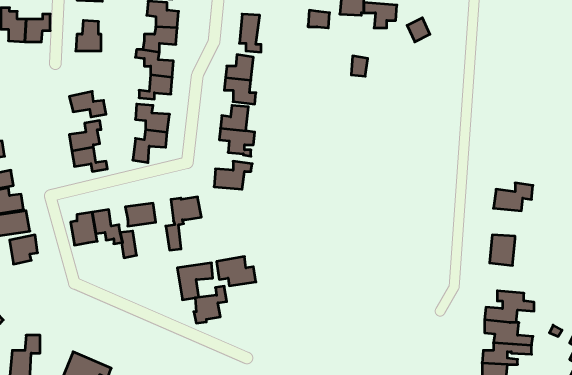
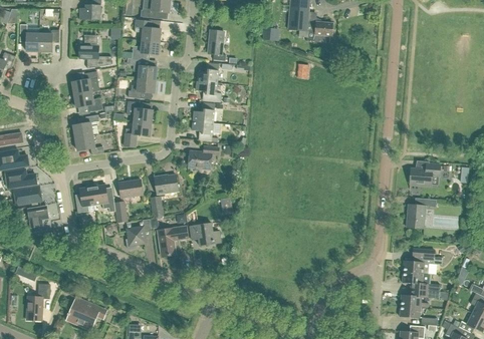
building: none -> [71,71,98,95]
building: [194,286,227,323] -> [125,219,151,248]

